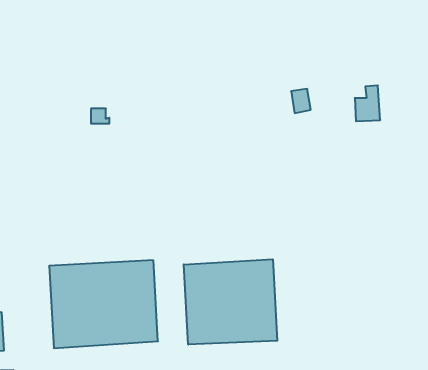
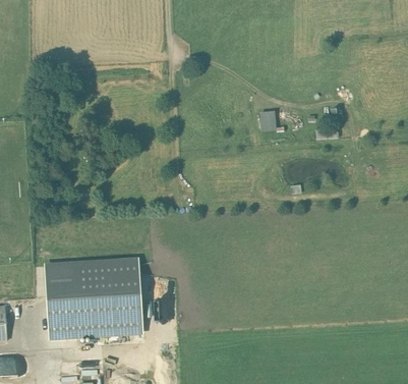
building: [184,259,277,345] -> none

